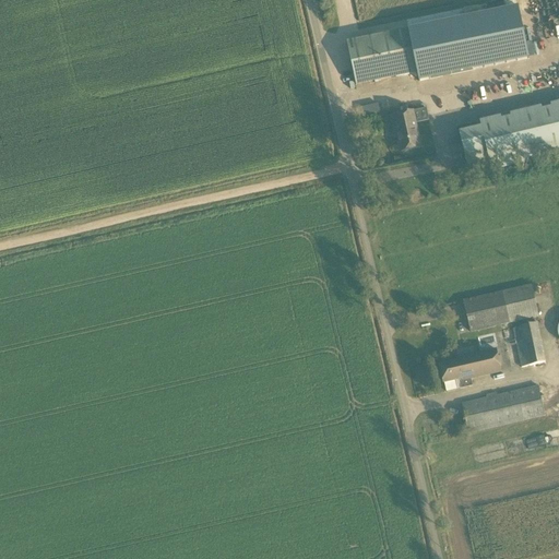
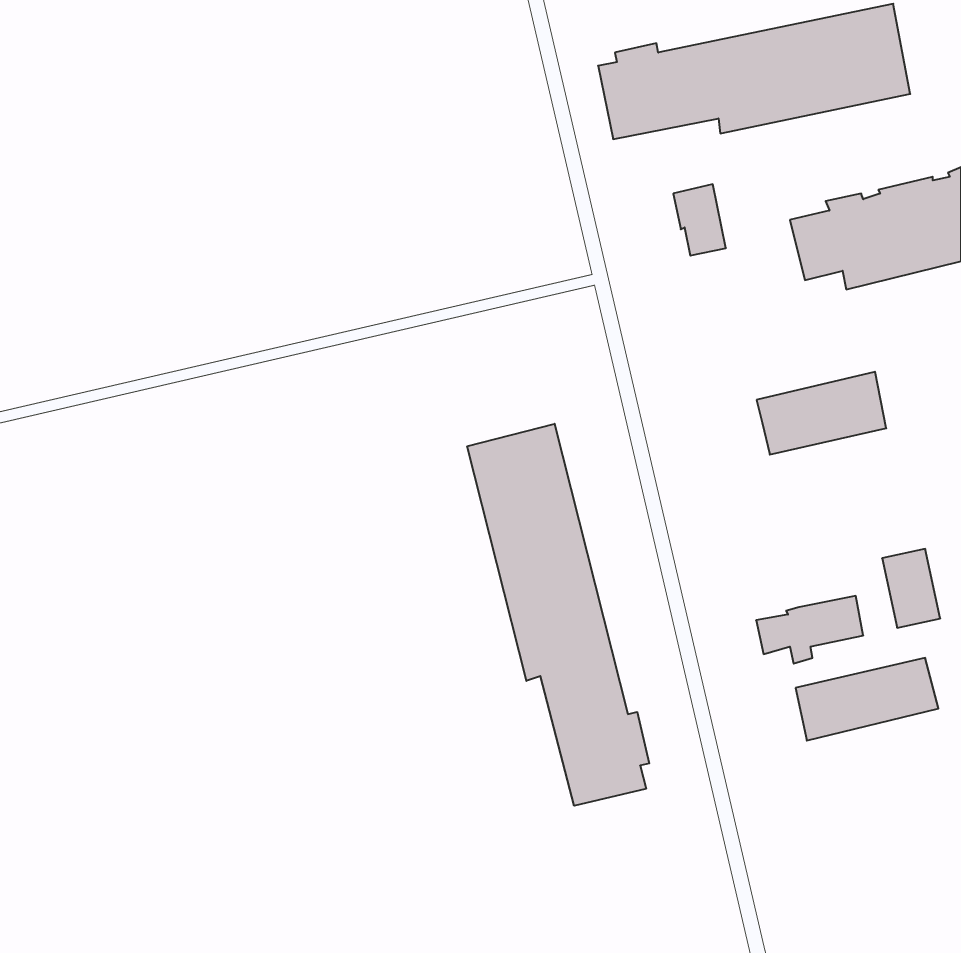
building: none -> [467,424,649,806]
building: [463,281,538,329] -> [757,372,886,455]

